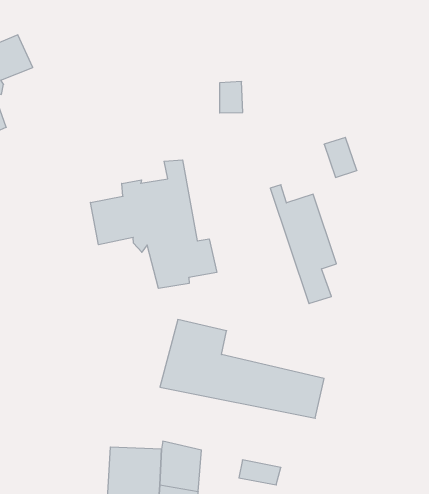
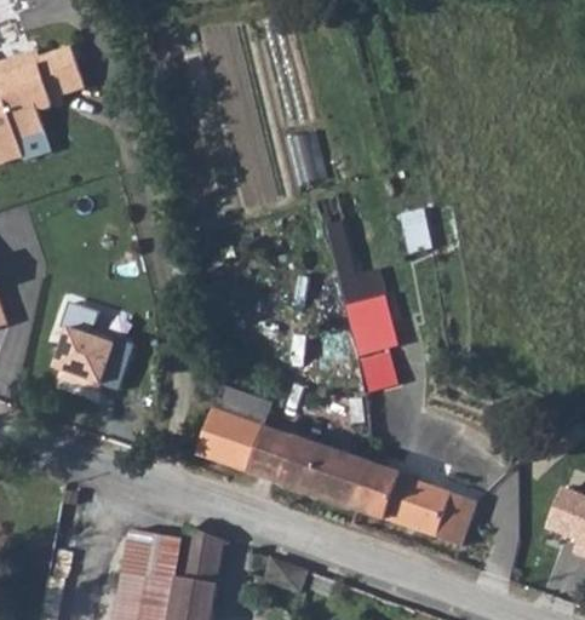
building: [90,160,217,288] -> none
building: none -> [51,323,133,391]
building: none -> [356,465,477,545]

